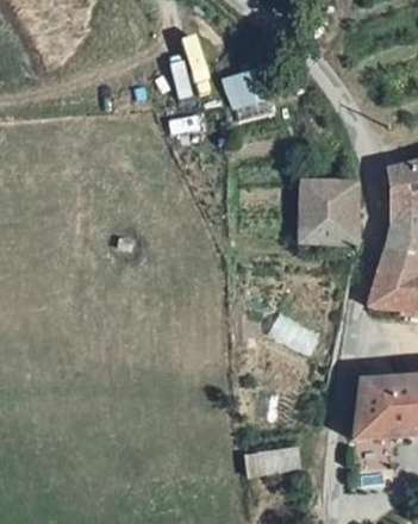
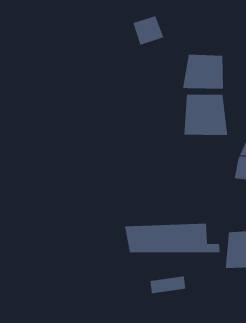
building: none -> [182,54,224,89]
building: none -> [124,223,220,253]

